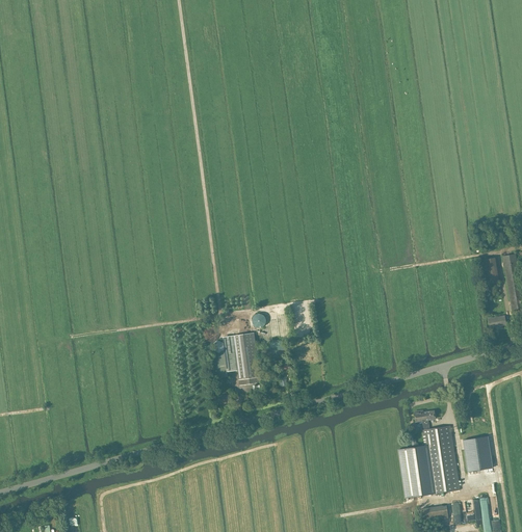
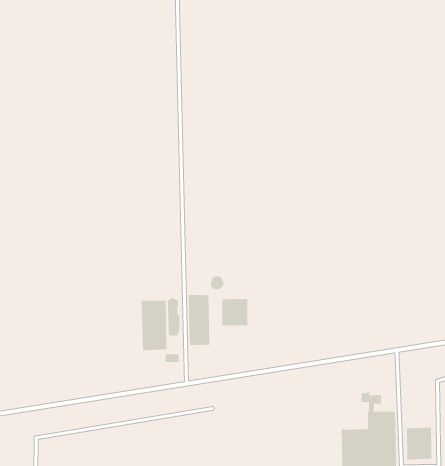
building: none -> [222,298,248,326]
building: none -> [141,300,167,351]

